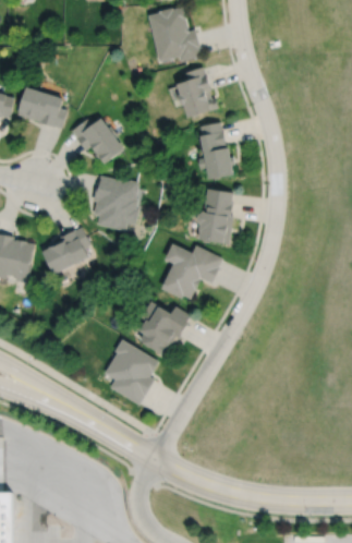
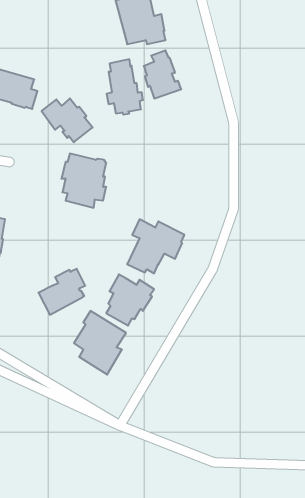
building: [196,123,234,181] -> [107,59,143,115]
building: [194,190,232,245] -> none
building: [43,228,92,276] -> [38,269,85,315]

